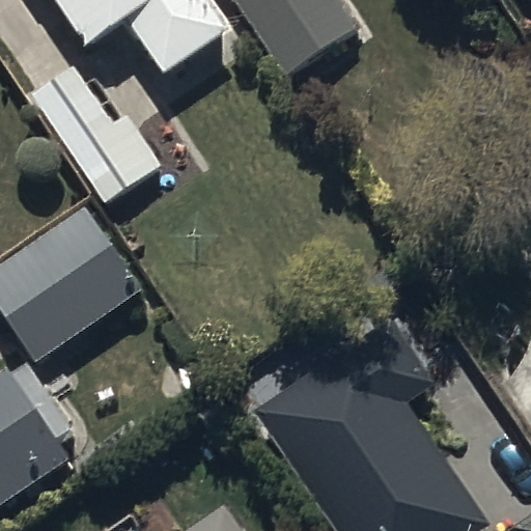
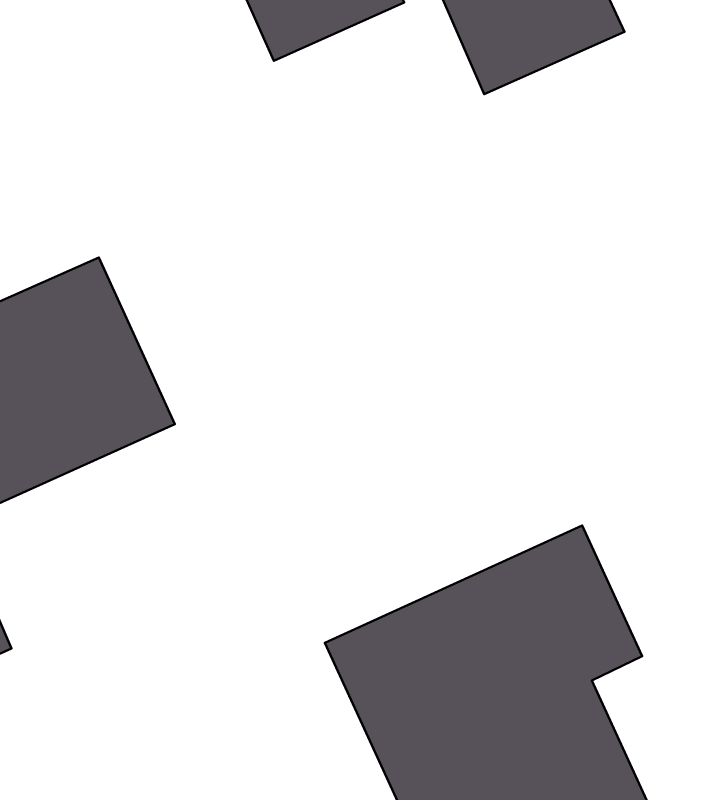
building: [29,64,162,203] -> none

